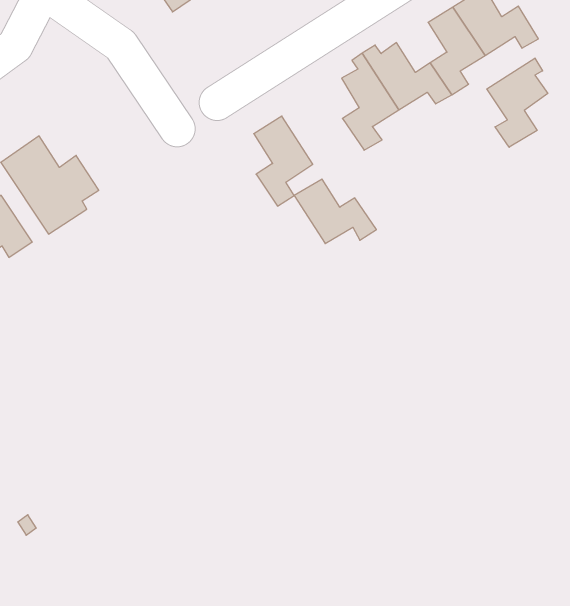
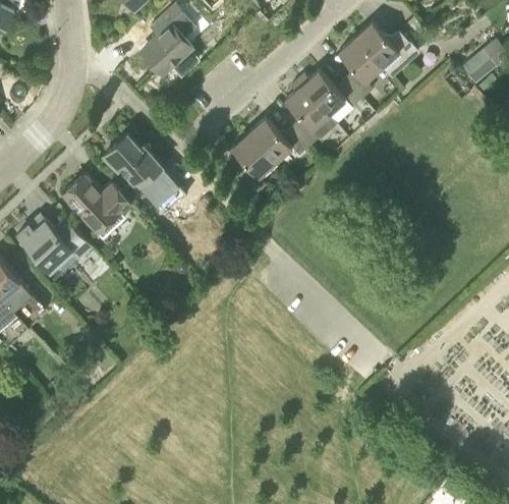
building: [487,58,548,147] -> none
building: none -> [103,134,189,222]
building: [294,179,376,244] -> [248,119,308,163]

